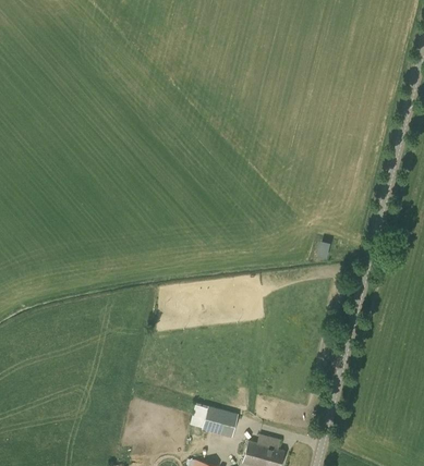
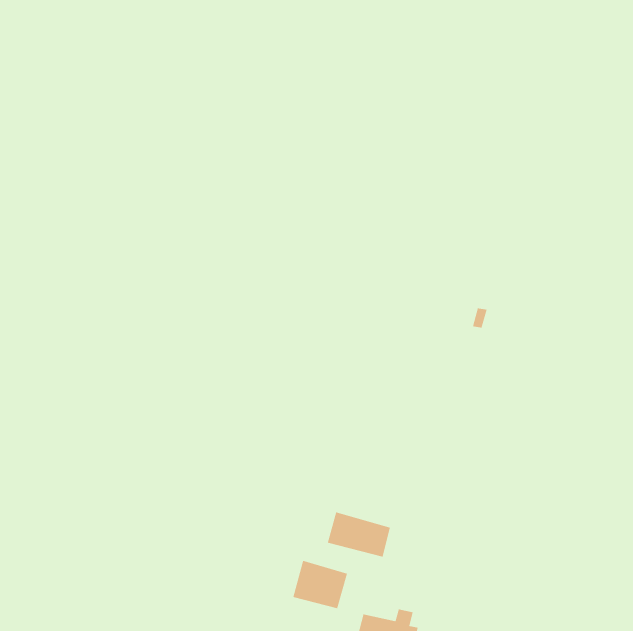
building: none -> [327,512,390,557]

